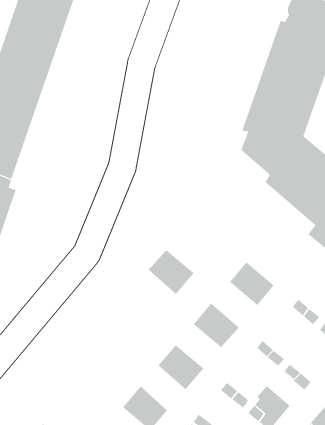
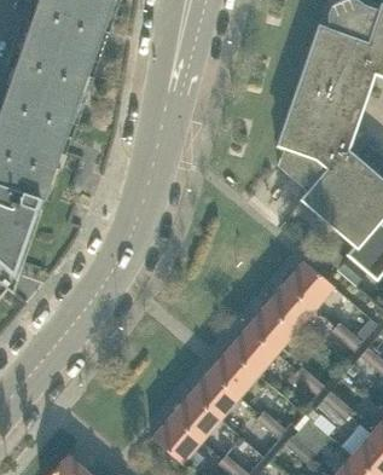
building: none -> [283,260,332,308]
building: [148,249,195,295] -> [245,305,295,353]
building: none -> [208,349,256,396]
building: none -> [170,393,219,441]

